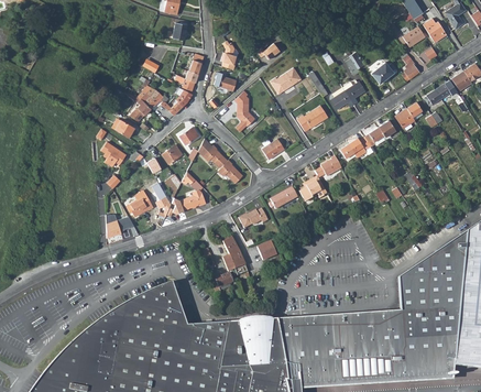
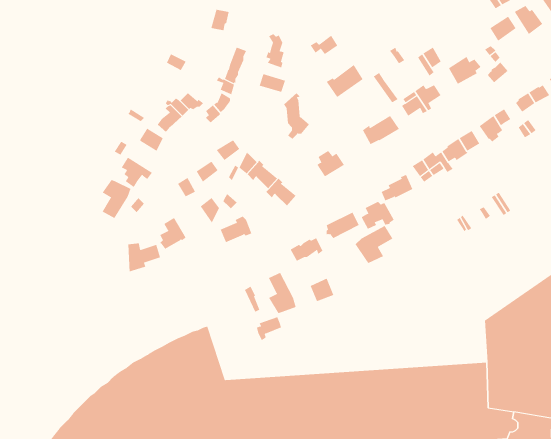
building: none -> [102,179,131,219]
building: none -> [355,225,393,264]

